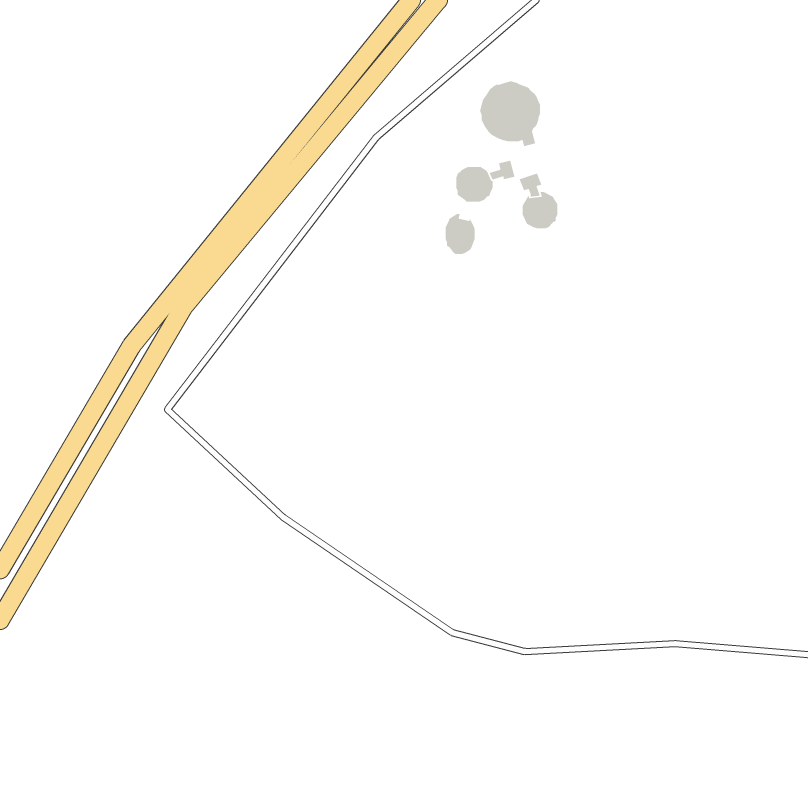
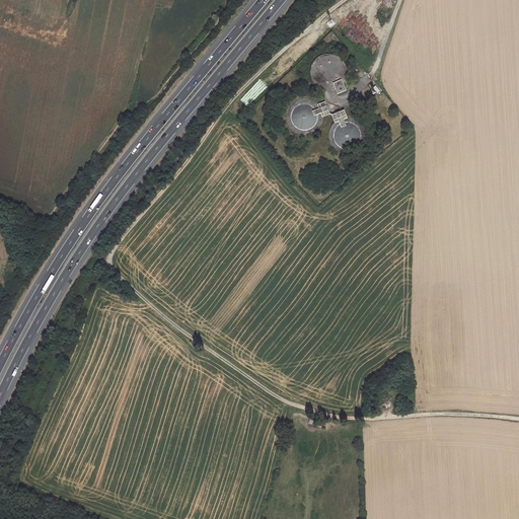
building: [445,213,475,255] -> none

